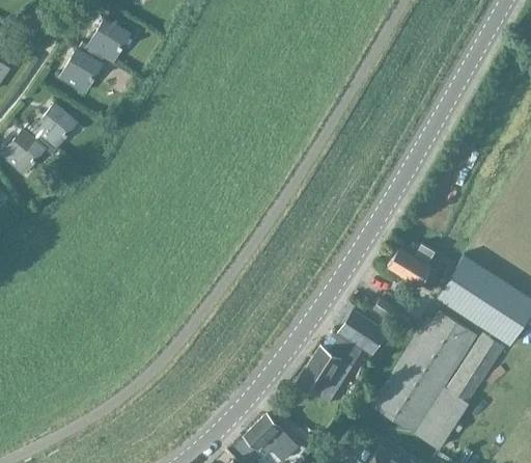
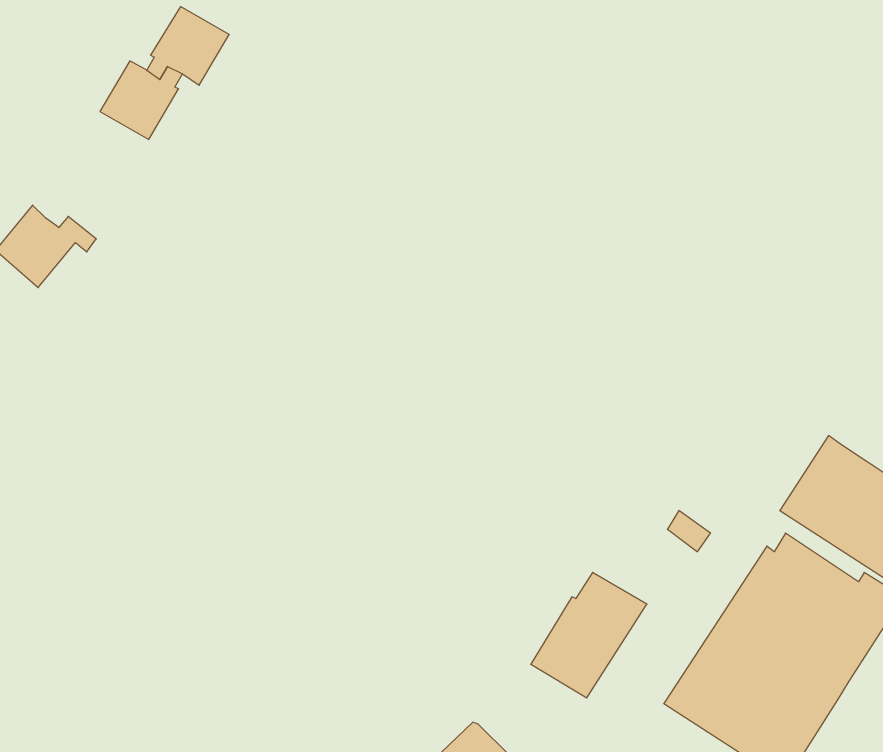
building: [23,103,79,147] -> none
building: [389,244,436,285] -> none
building: [339,310,388,354] -> none

